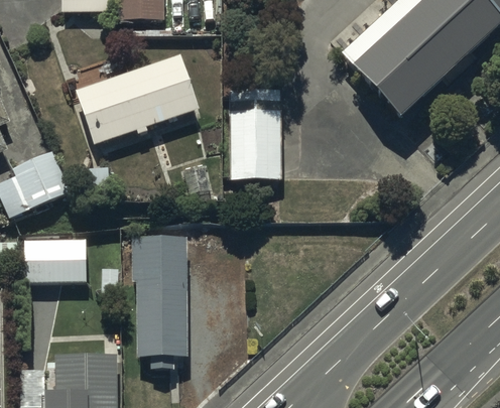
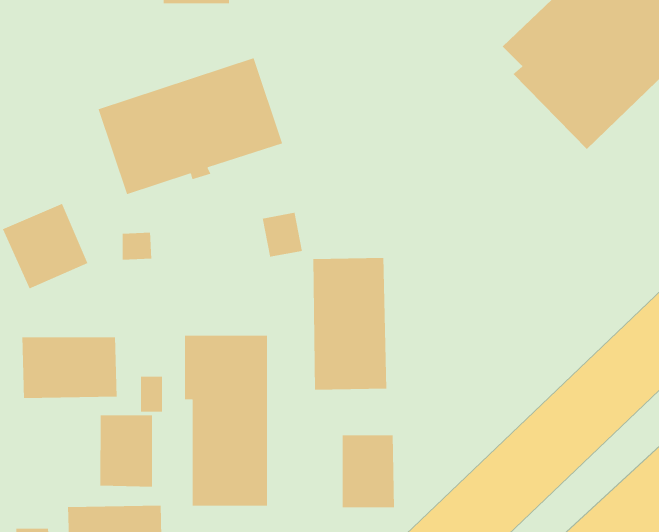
building: [230,93,279,181] -> [313,257,387,391]
building: none -> [99,415,153,488]
building: none -> [342,434,395,508]

